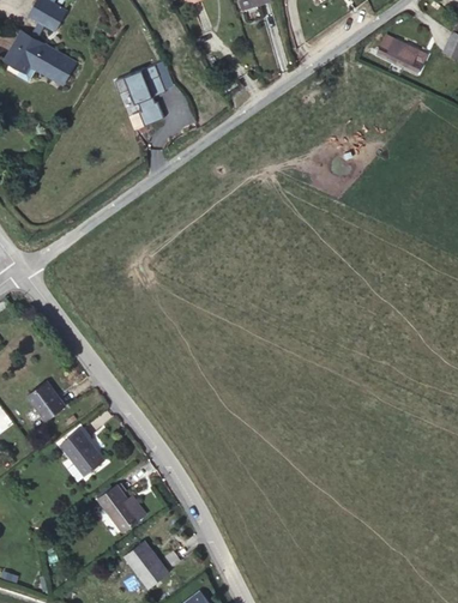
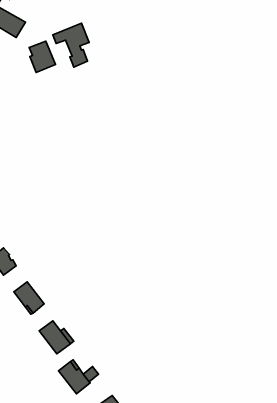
building: [376,40,422,73] -> none
building: none -> [29,41,55,73]

